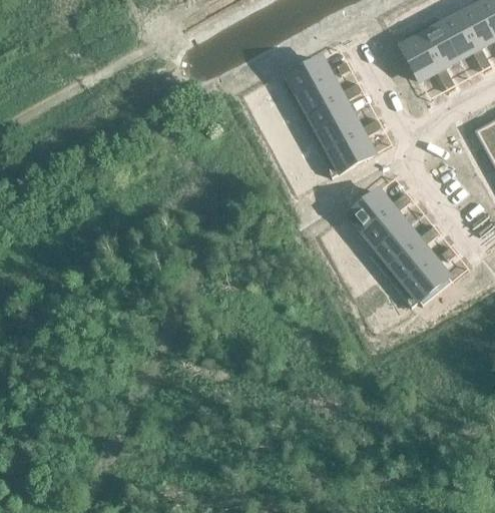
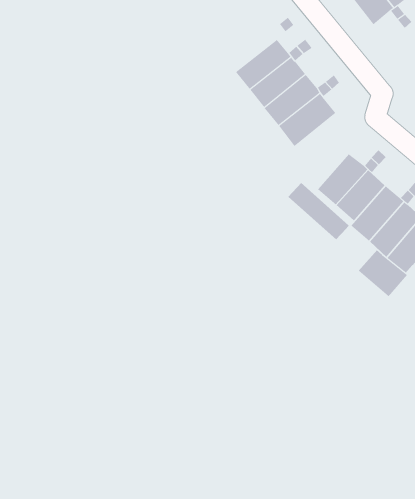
building: [269,56,336,106] -> none
building: none -> [288,182,349,240]
building: none -> [358,249,408,297]

